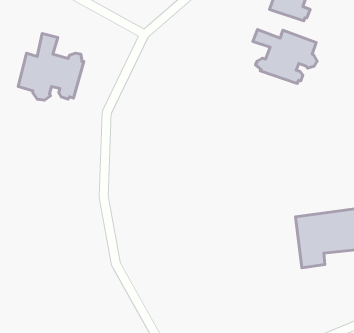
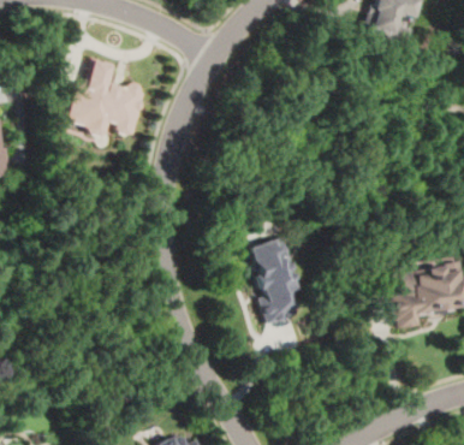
building: [253,29,317,84] -> none
building: none -> [245,237,302,324]

